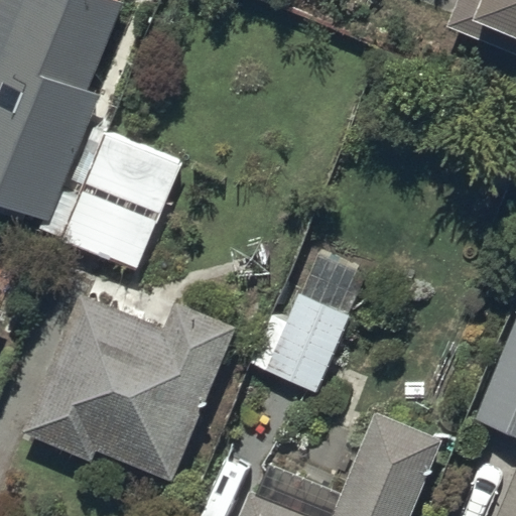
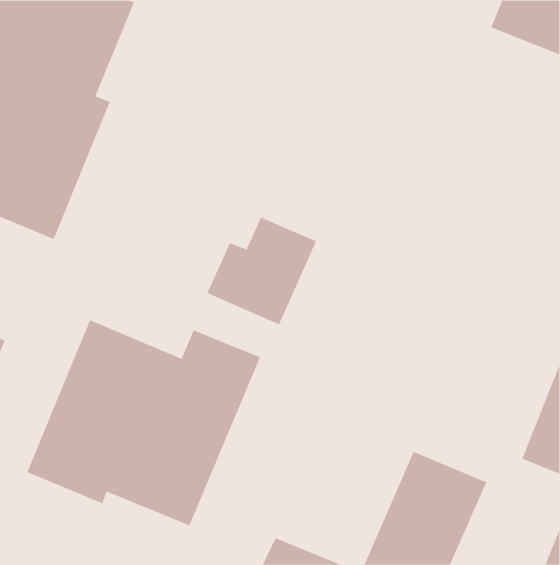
building: [61,131,181,269] -> none
building: [250,292,351,391] -> [206,217,317,325]

